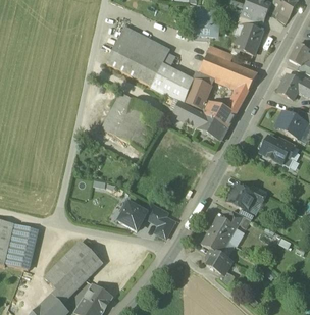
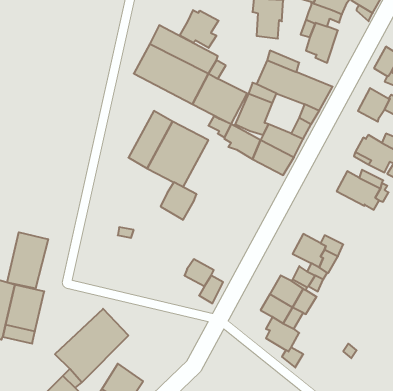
building: none -> [180,10,219,48]
building: none -> [7,232,48,289]
building: [118,202,146,230] -> [161,182,197,220]

